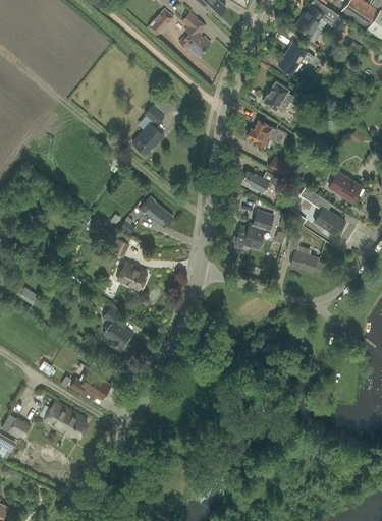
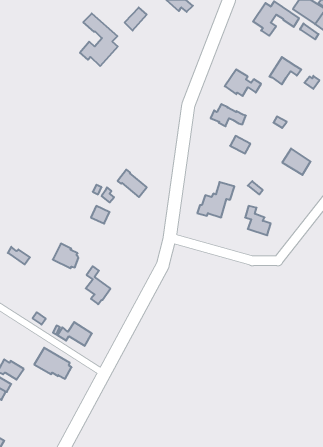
building: [179,14,211,57] -> none
building: none -> [80,13,118,66]
building: [278,43,315,74] -> [269,57,301,84]
building: [132,106,164,155] -> none
building: [243,172,281,193] -> none
building: [299,187,345,236] -> none
building: [117,262,147,290] -> [53,244,78,268]

